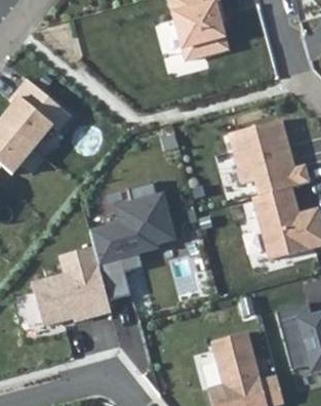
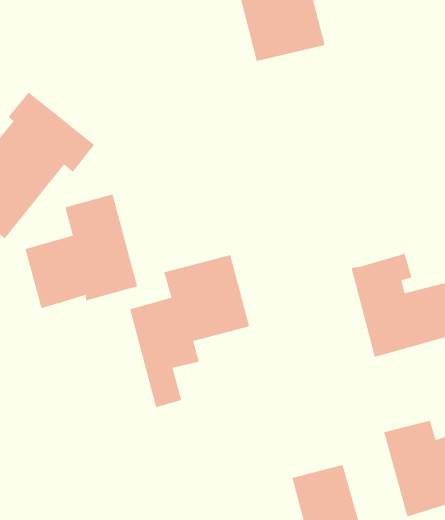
building: [228,122,309,198] -> none
building: [31,249,110,329] -> [25,194,138,309]

